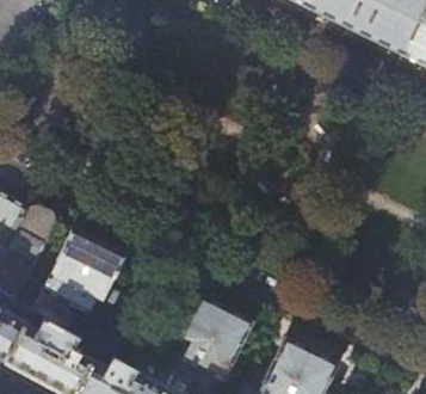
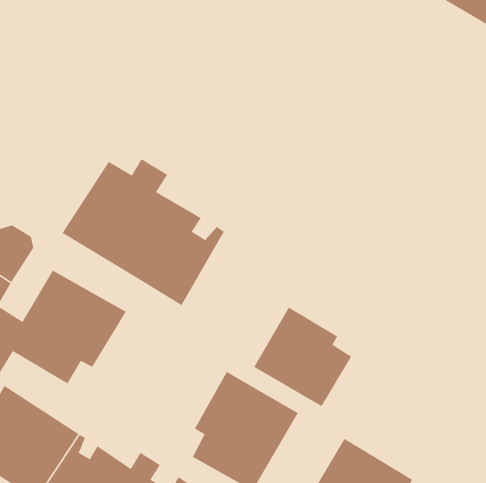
building: none -> [61,158,225,306]
building: none -> [253,306,352,407]

